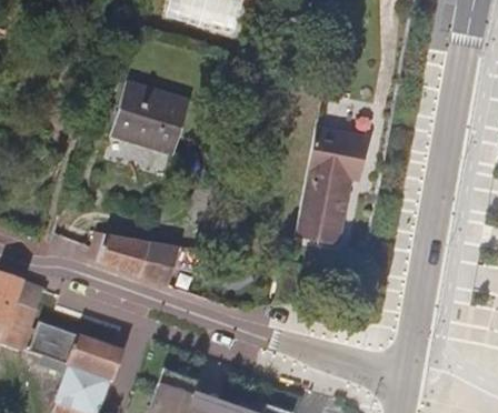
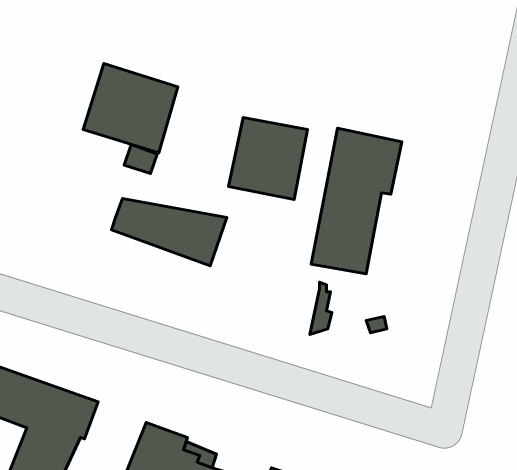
building: none -> [229,117,308,200]
building: [88,232,181,286] -> [111,198,227,266]

